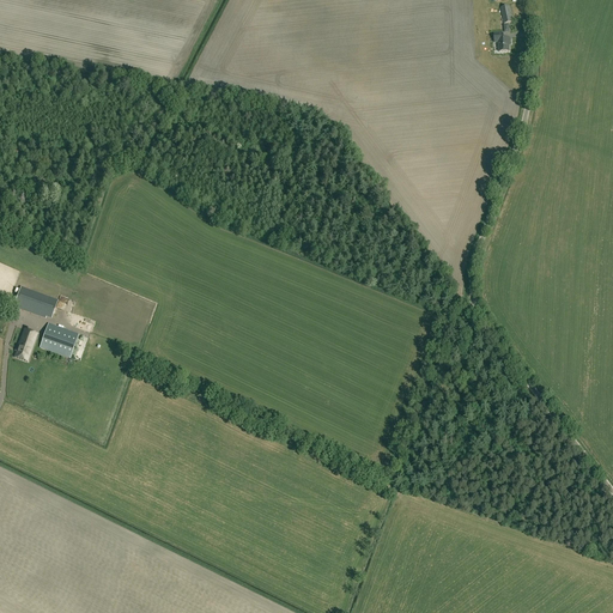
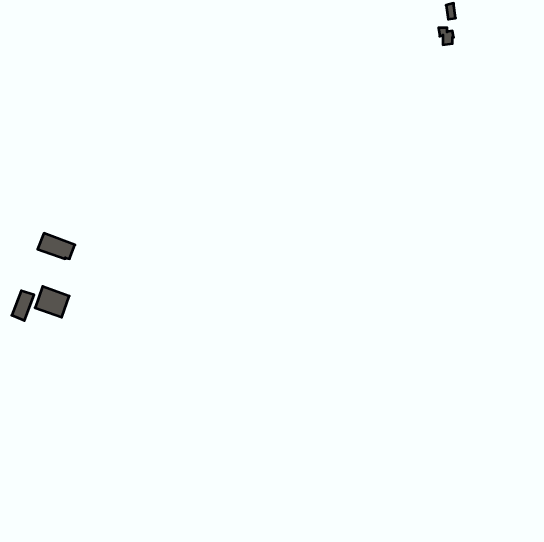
building: [14,286,56,315] -> [38,233,75,259]

